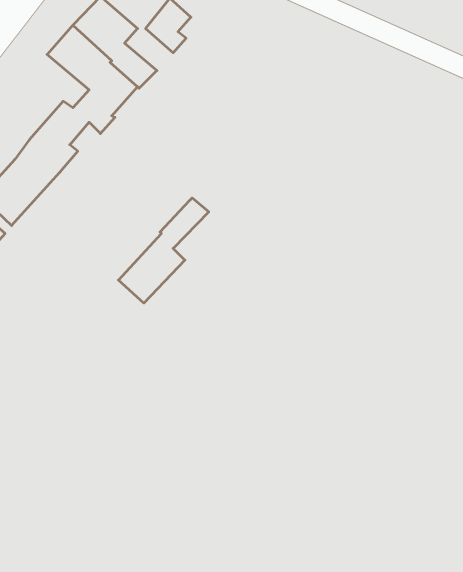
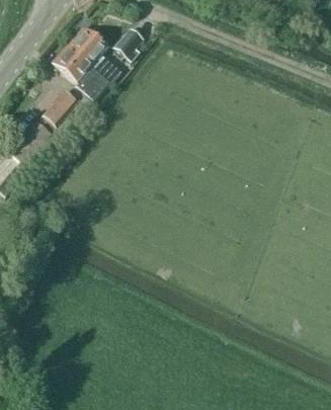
building: [118,198,209,303] -> none

